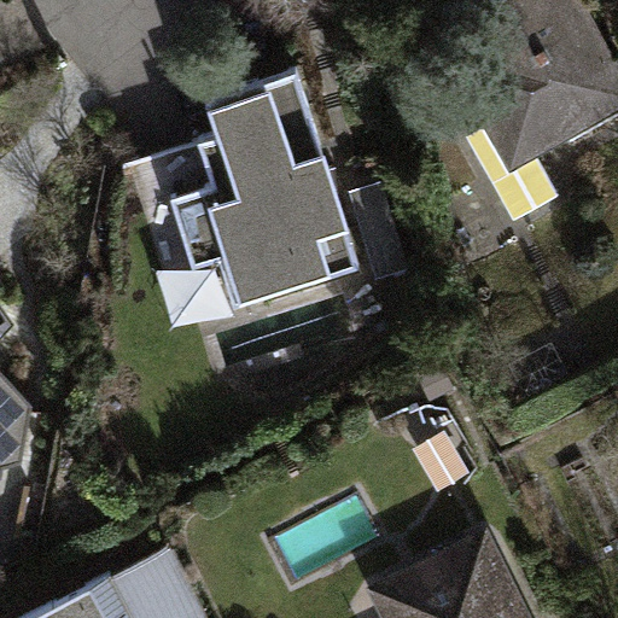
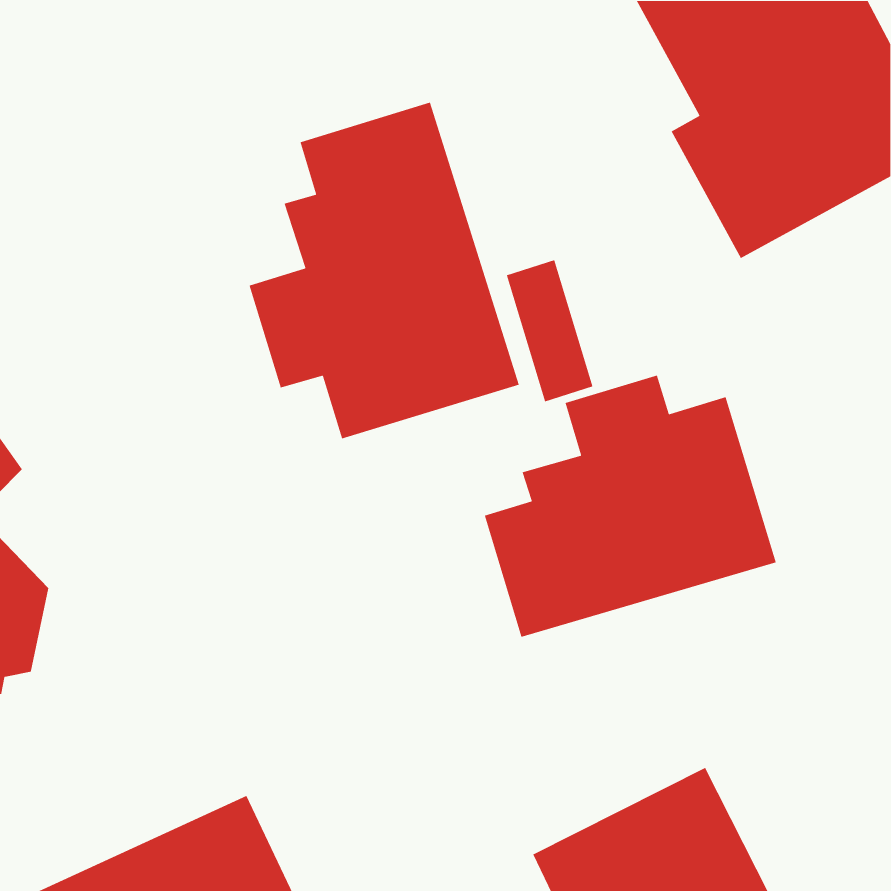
building: none -> [484,374,777,638]

